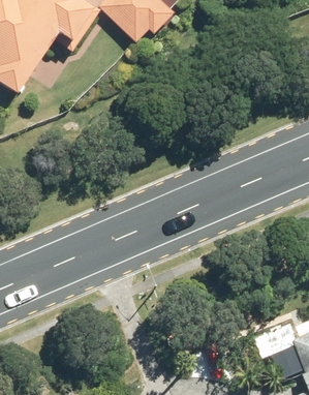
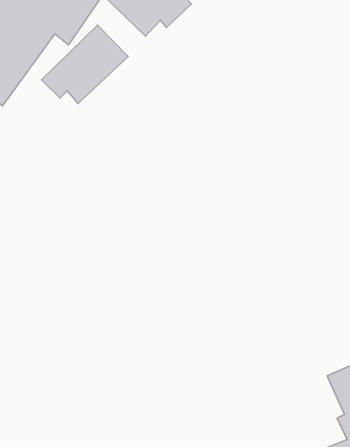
building: none -> [42,25,128,104]

